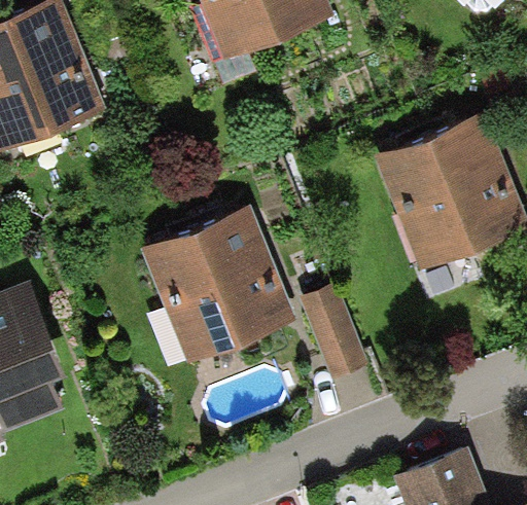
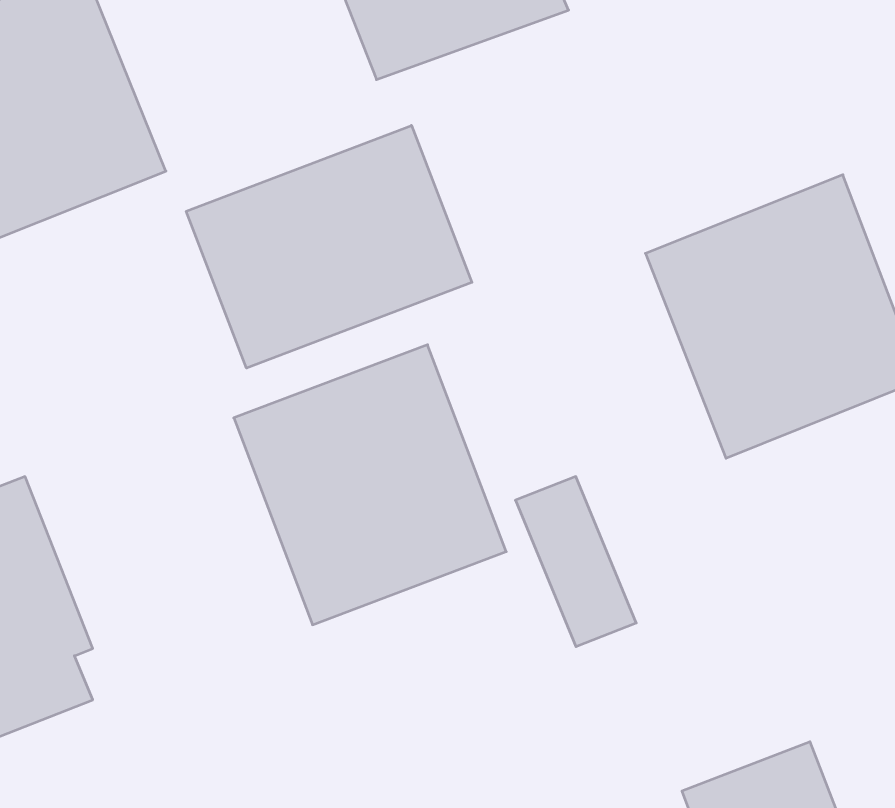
building: none -> [186,125,472,368]

